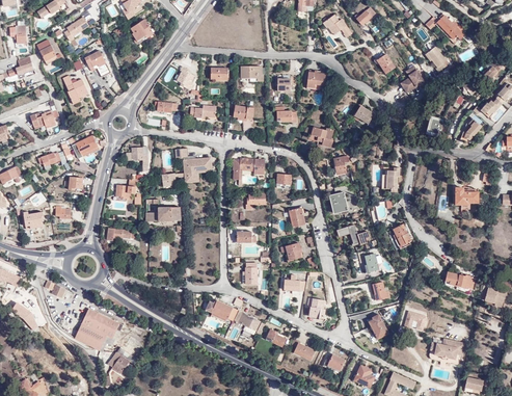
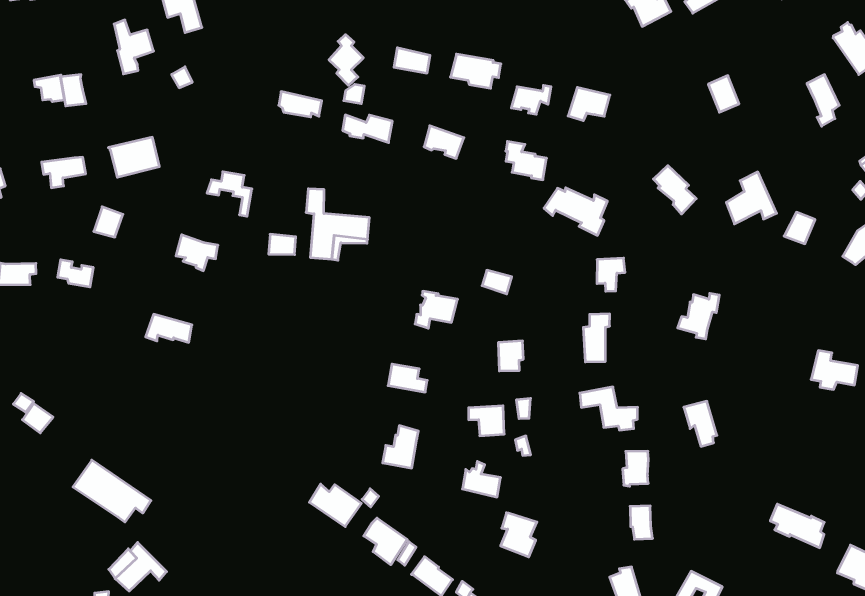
building: [402,63,429,93] -> [726,172,777,224]
building: [234,157,266,180] -> none
building: [145,206,180,220] -> none
building: [77,324,109,351] -> none

